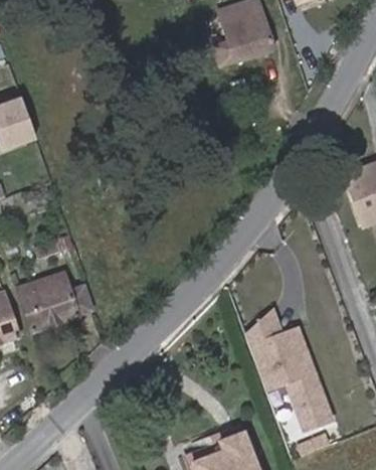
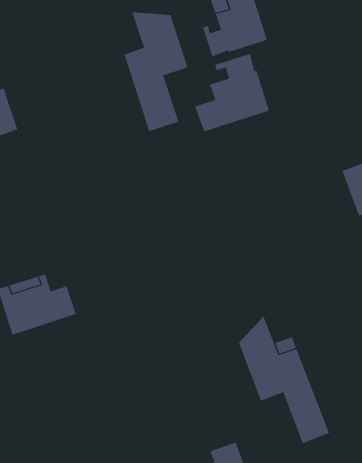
building: none -> [124,11,188,132]
building: none -> [194,53,270,132]

